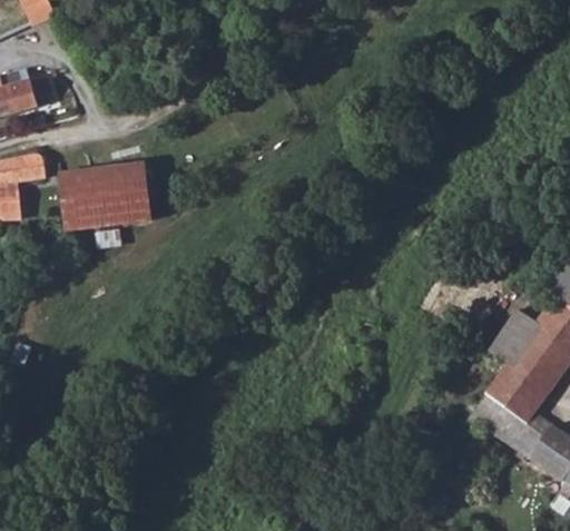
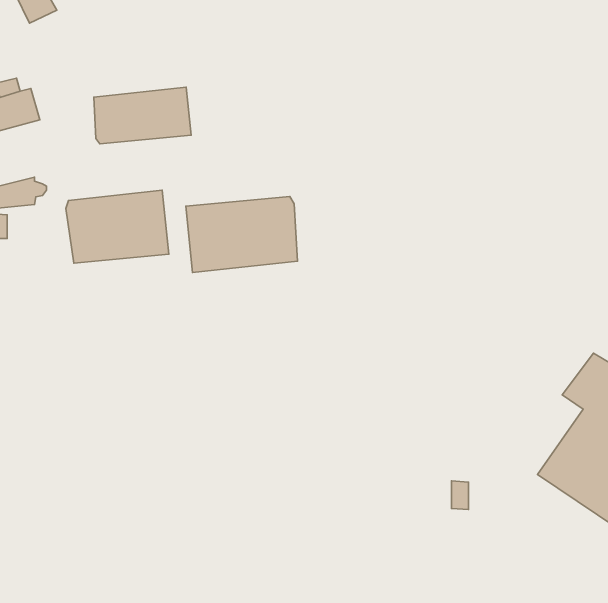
building: none -> [94,87,191,144]
building: none -> [186,197,298,273]

